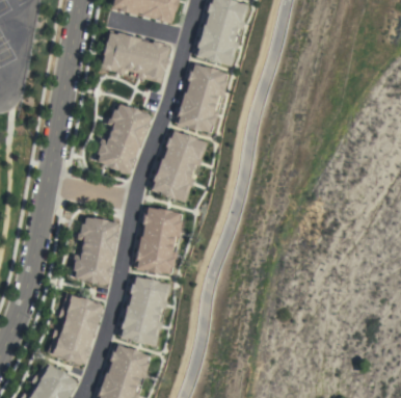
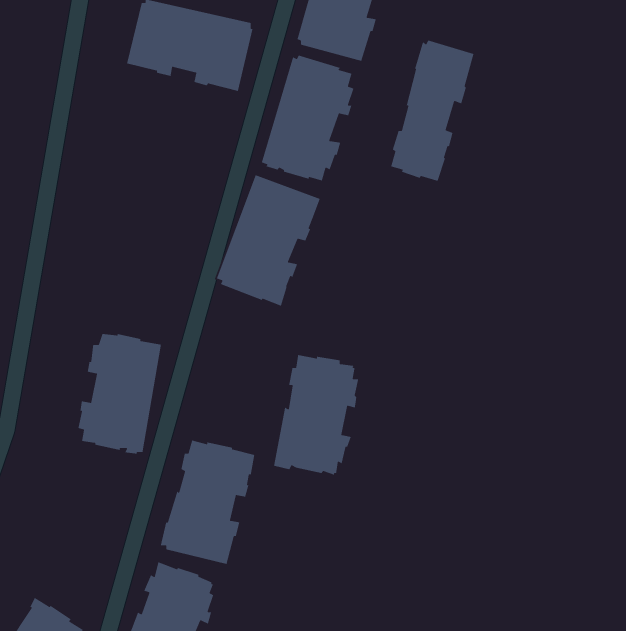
building: none -> [390,39,475,182]
building: [97,104,152,175] -> none
building: [134,207,182,274] -> [273,354,359,476]
building: [48,295,104,365] -> none

